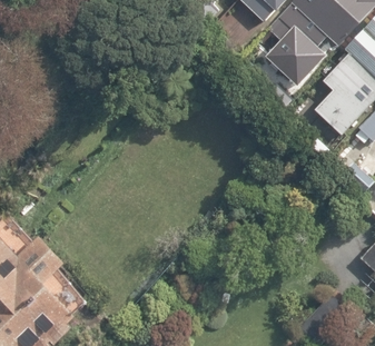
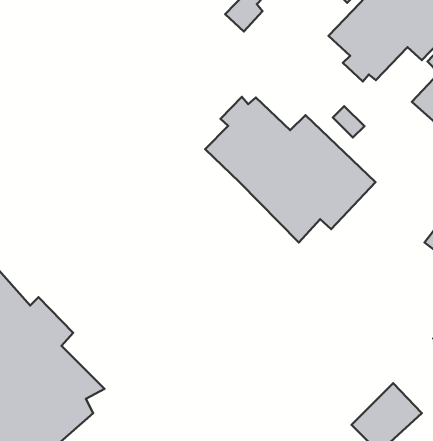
building: none -> [205,97,375,242]

